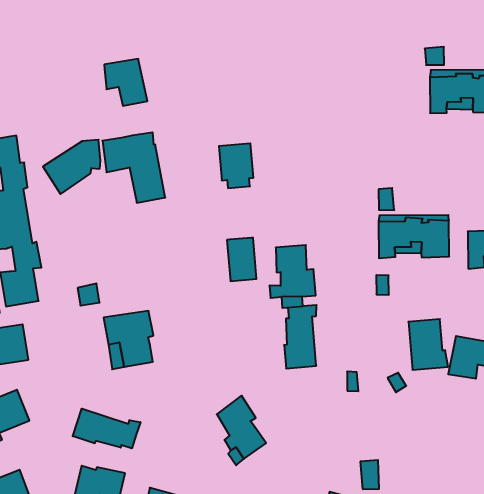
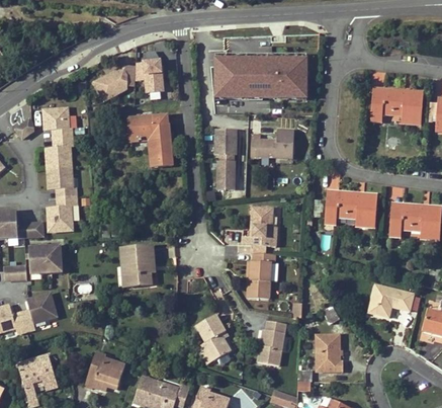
building: none -> [213,58,308,99]
building: none -> [252,130,293,157]
building: [43,140,100,194] -> [93,65,136,102]
building: [227,238,256,281] -> [216,160,236,190]
building: [408,319,448,370] -> [318,334,344,370]
building: none -> [258,320,285,363]
building: [73,409,140,448] -> none

